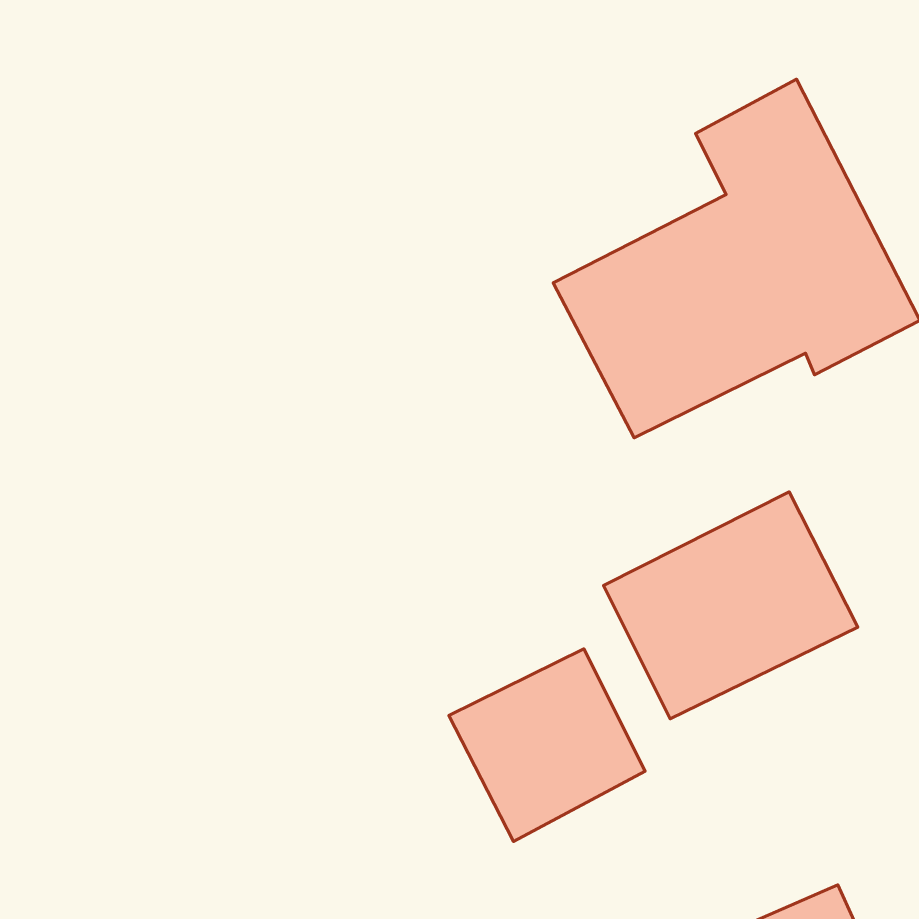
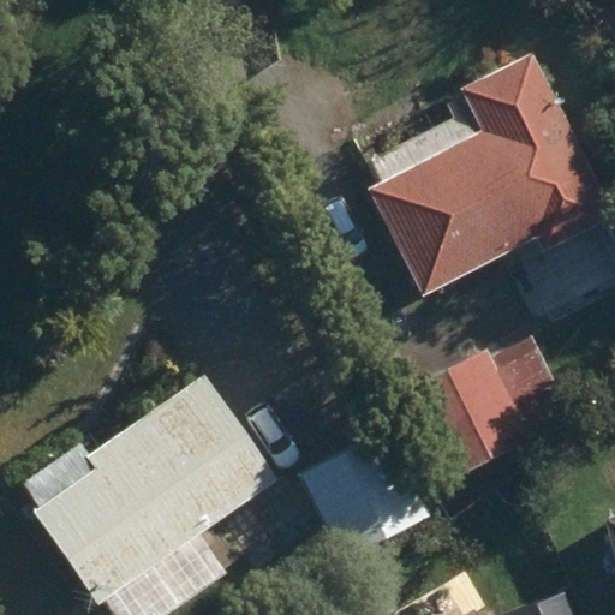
building: none -> [22,377,275,601]

